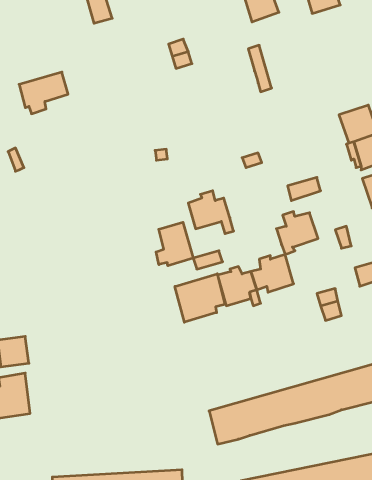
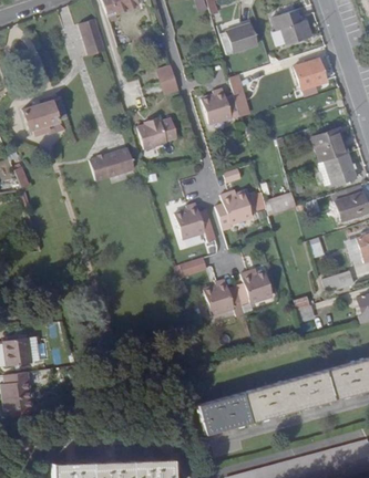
building: none -> [294,60,326,97]
building: none -> [202,86,238,123]
building: none -> [137,118,177,150]
building: none -> [92,148,137,179]
building: [276,212,318,254] -> [216,195,254,233]
building: [156,222,193,266] -> none
building: [175,274,225,322] -> none

